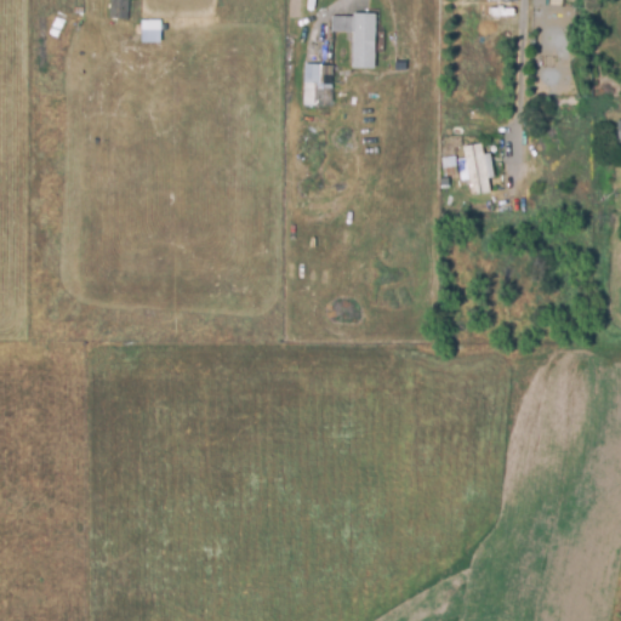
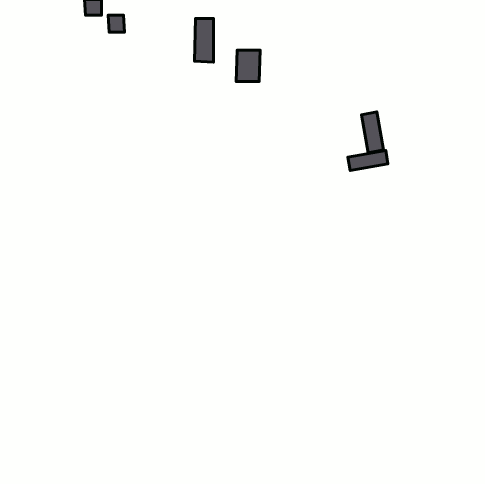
building: [351,12,375,68] -> [195,18,214,62]
building: none -> [348,151,388,170]

